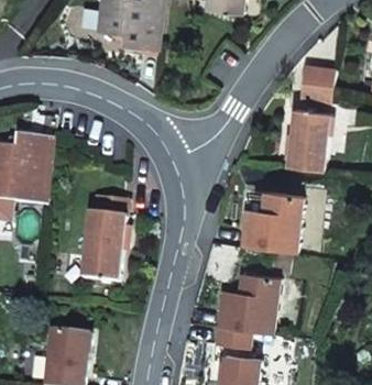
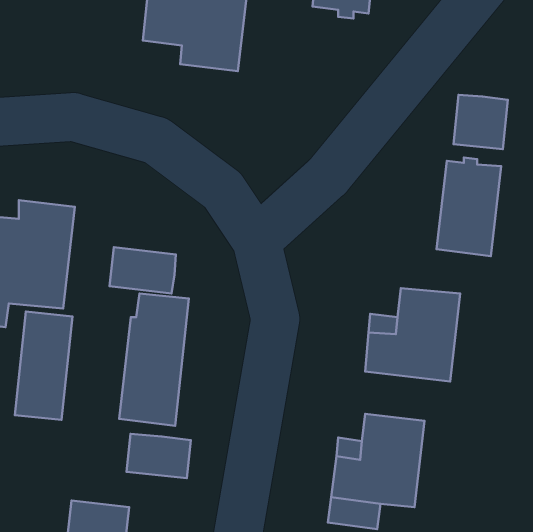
building: none -> [109,247,176,294]
building: none -> [15,312,73,420]
building: none -> [126,434,191,478]

